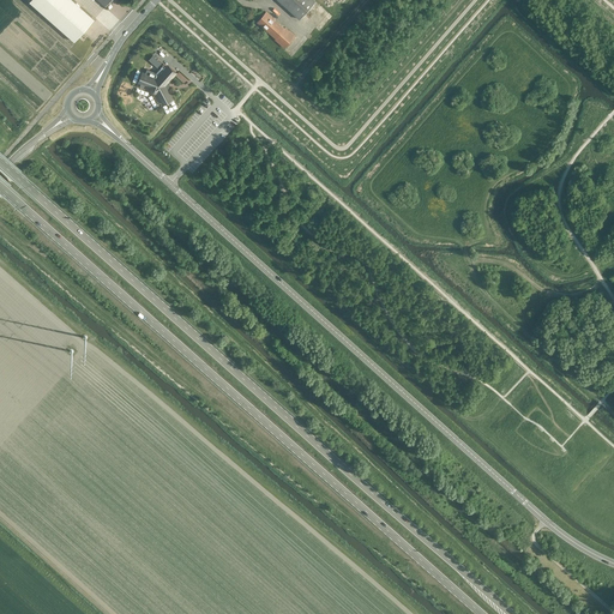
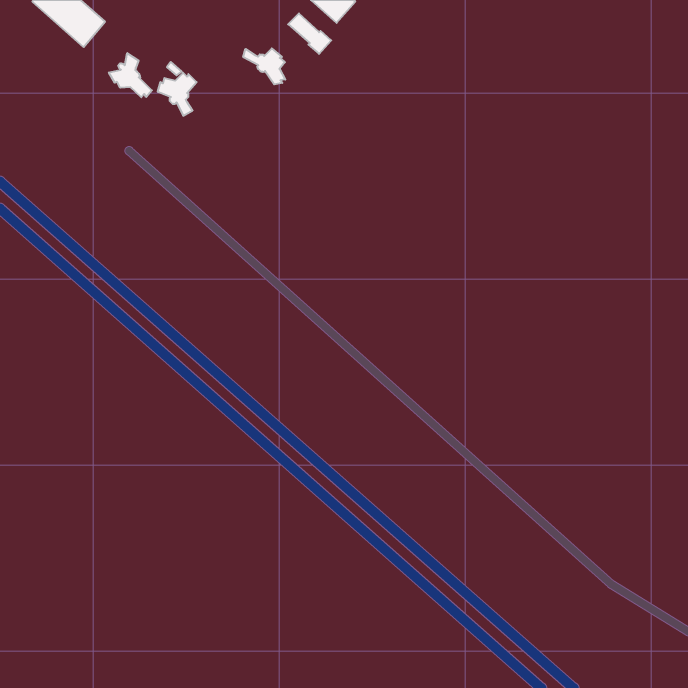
building: none -> [243,48,285,84]
building: none -> [109,53,152,97]

